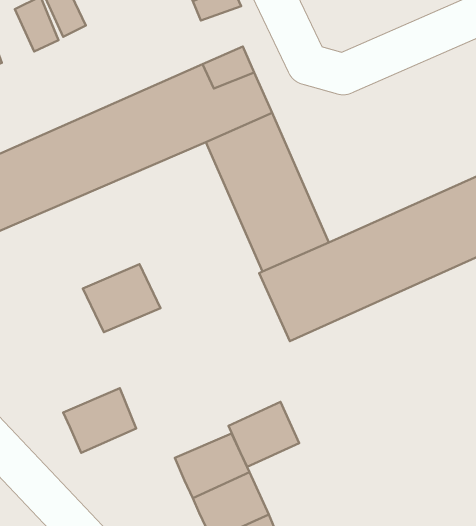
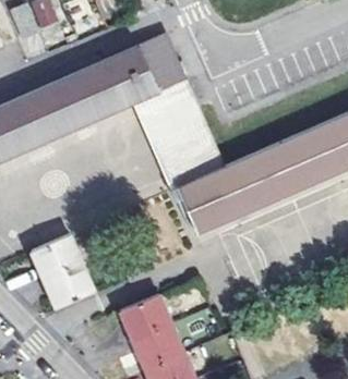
building: [83,264,161,332] -> [31,234,83,280]
building: [228,402,299,467] -> none

